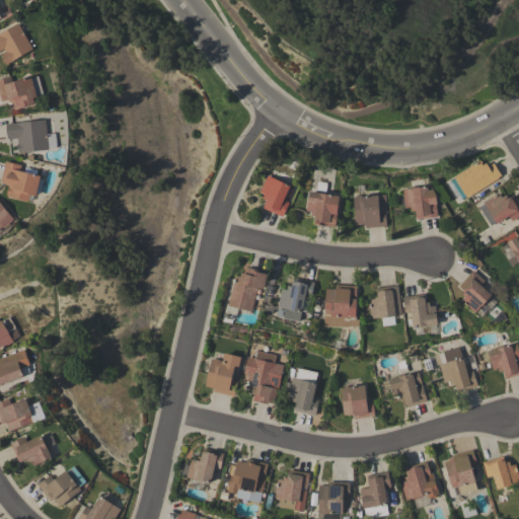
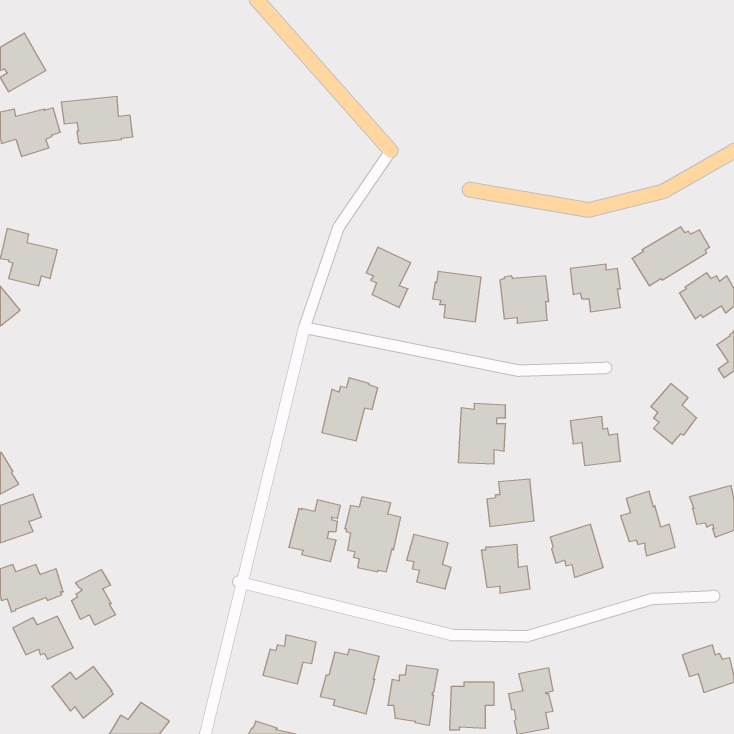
building: [6,120,57,153] -> [61,97,133,144]
building: [278,278,314,321] -> none
building: [368,286,401,319] -> [487,479,534,526]
building: none -> [72,570,115,625]
building: [443,449,476,493] -> none
building: [399,461,439,501] -> none

